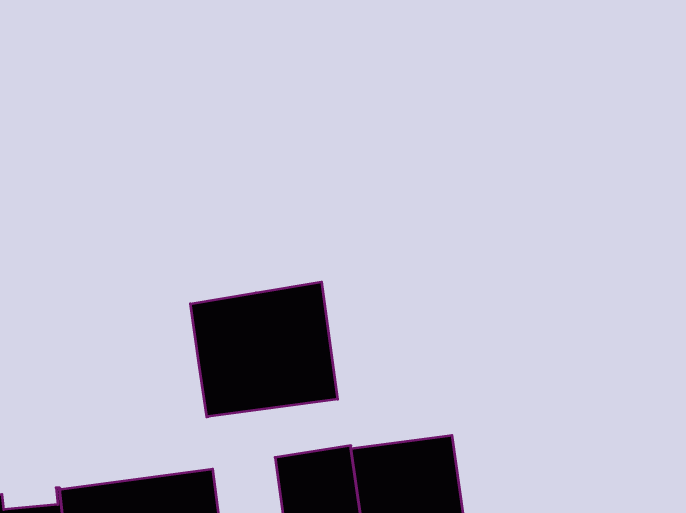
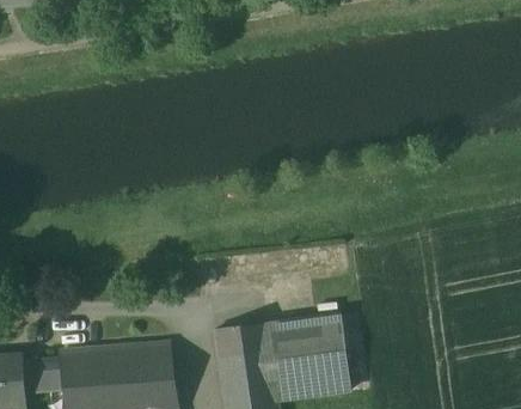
building: [190,282,338,417] -> none

